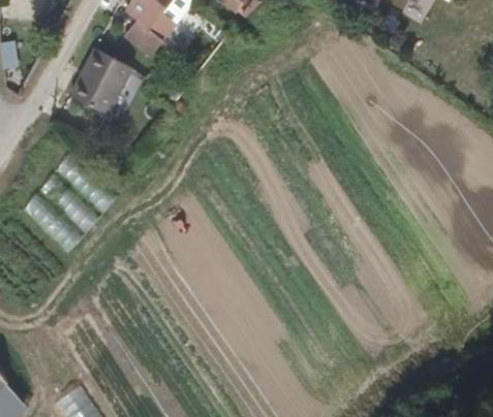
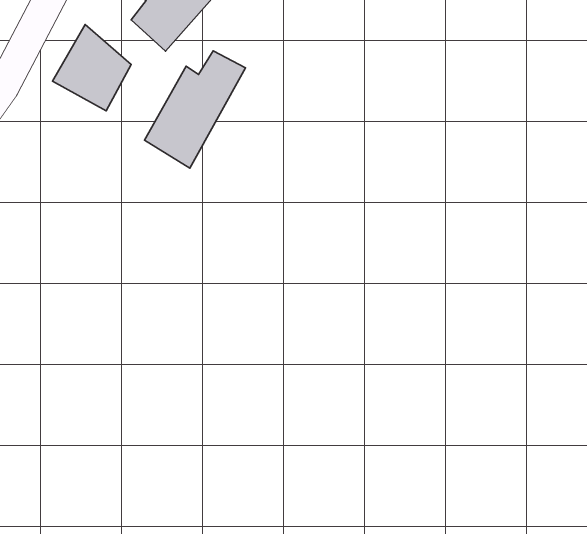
building: none -> [144,51,245,168]

